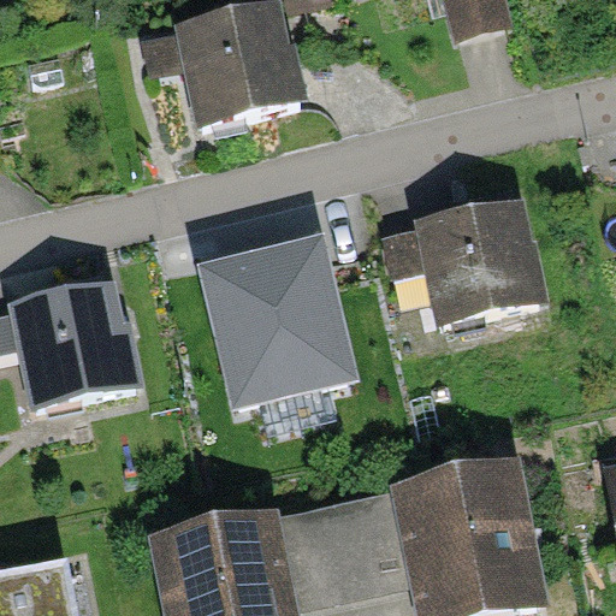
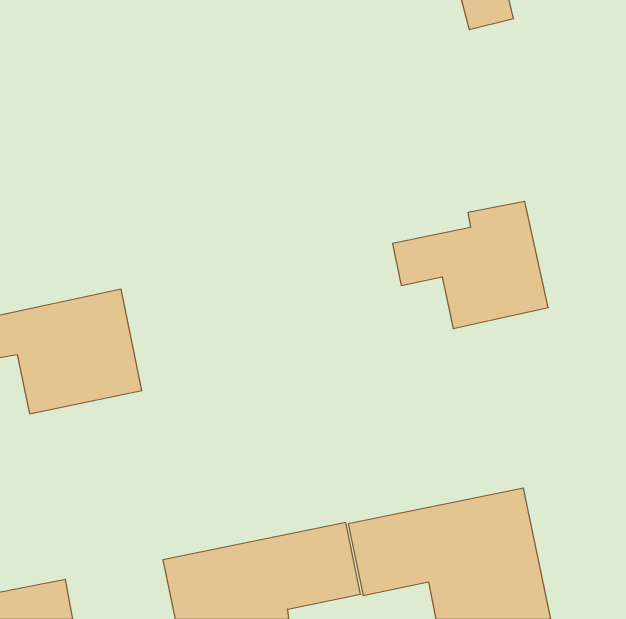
building: [146,8,298,124] -> none
building: [207,254,344,404] -> none

